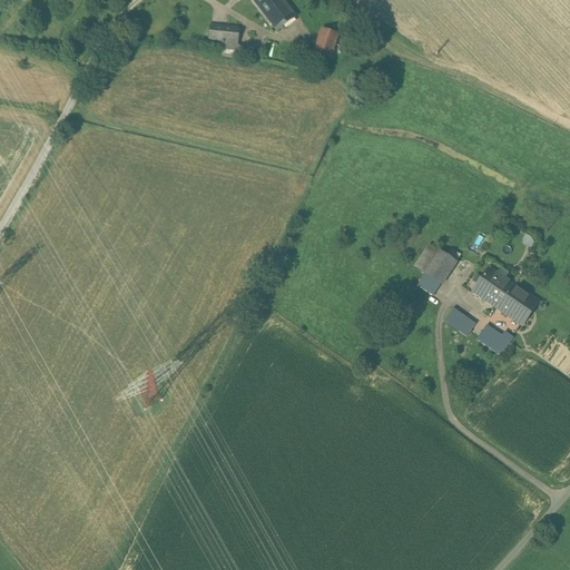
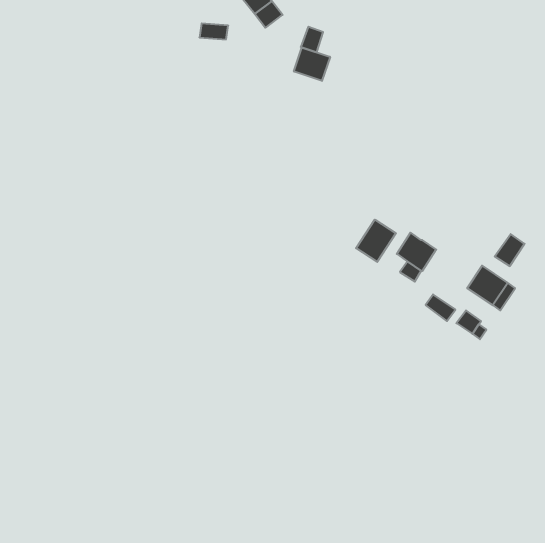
building: none -> [294,47,330,81]
building: none -> [356,220,396,262]
building: [472,267,503,301] -> [495,234,525,266]

